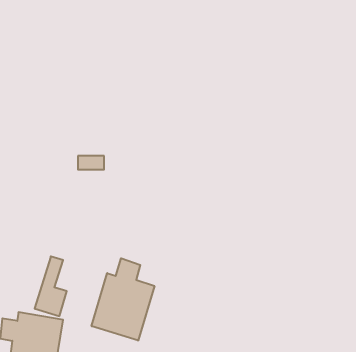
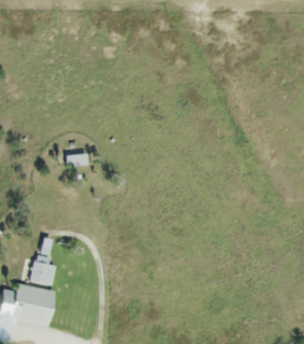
building: [92,258,154,341] -> none

